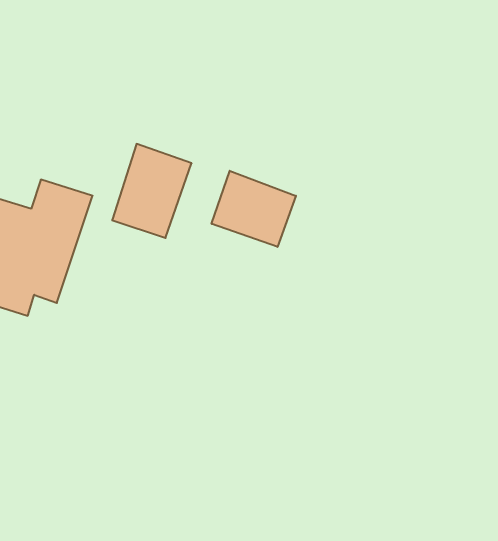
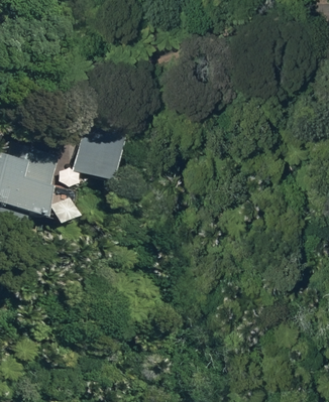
building: [212,171,296,247] -> none

